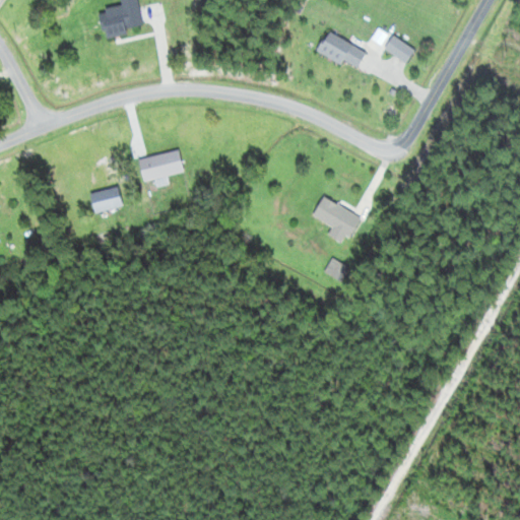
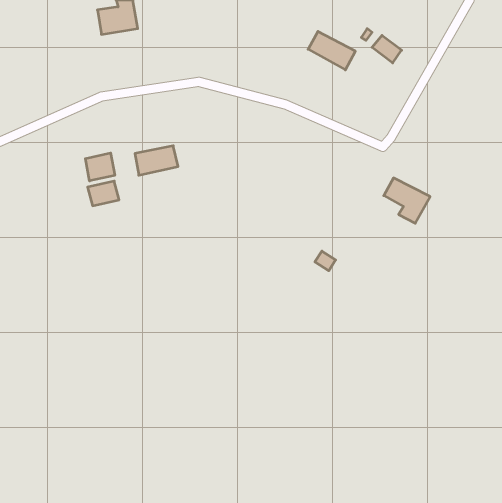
building: none -> [85,153,115,181]
building: [313,197,361,244] -> [384,178,430,223]

